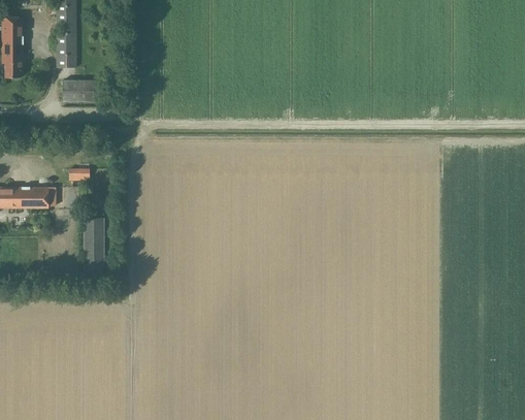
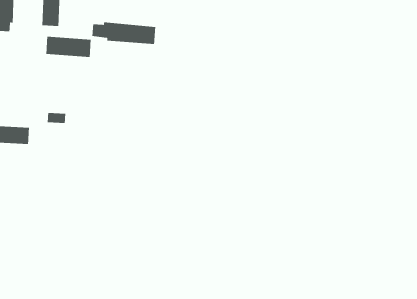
building: none -> [91,21,156,45]
building: [84,218,105,273] -> none

